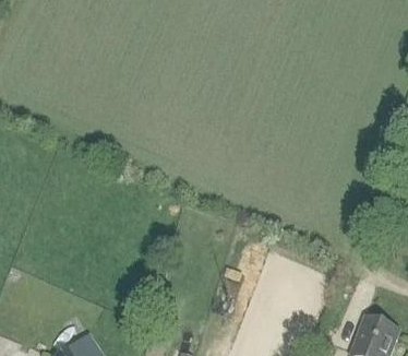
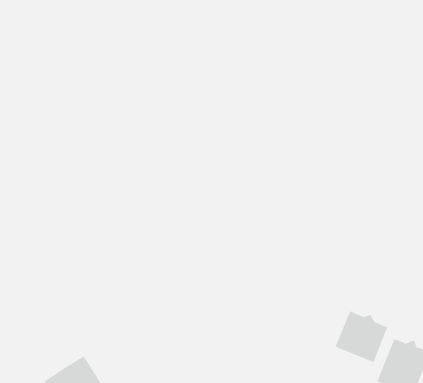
building: none -> [335,311,388,363]

